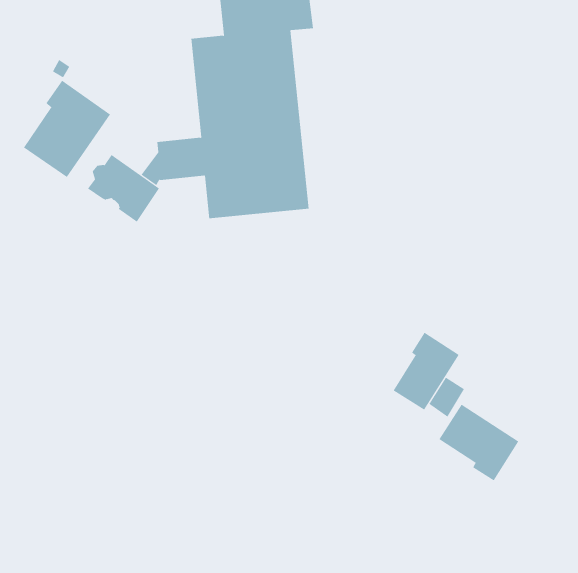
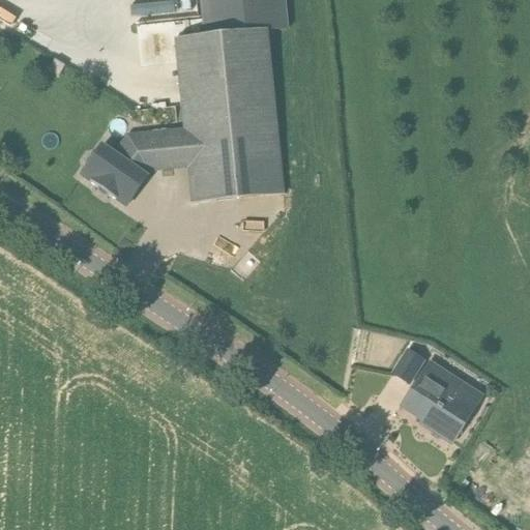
building: [23,80,111,178] -> none
building: [393,332,459,411] -> none

